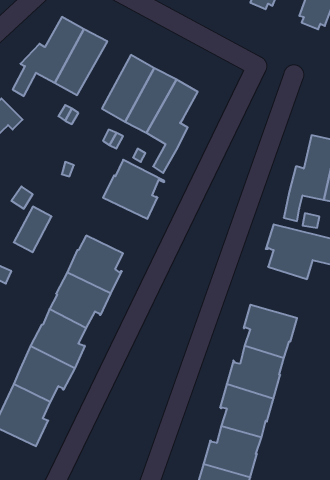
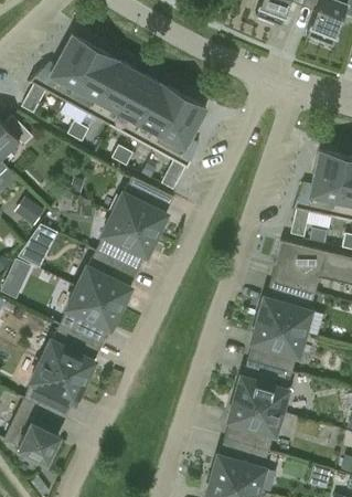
building: none -> [87,59,140,125]
building: none -> [96,213,157,268]
building: none -> [258,282,314,332]

